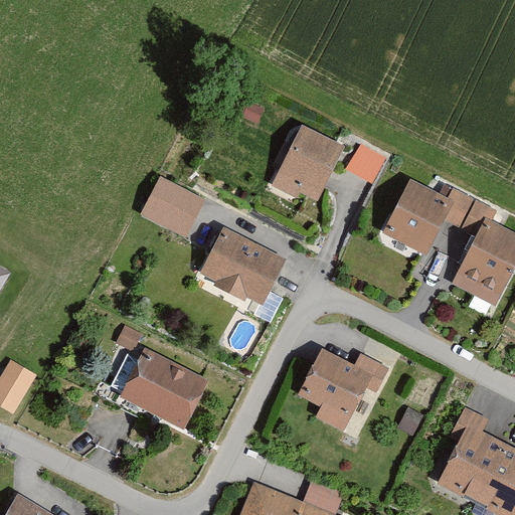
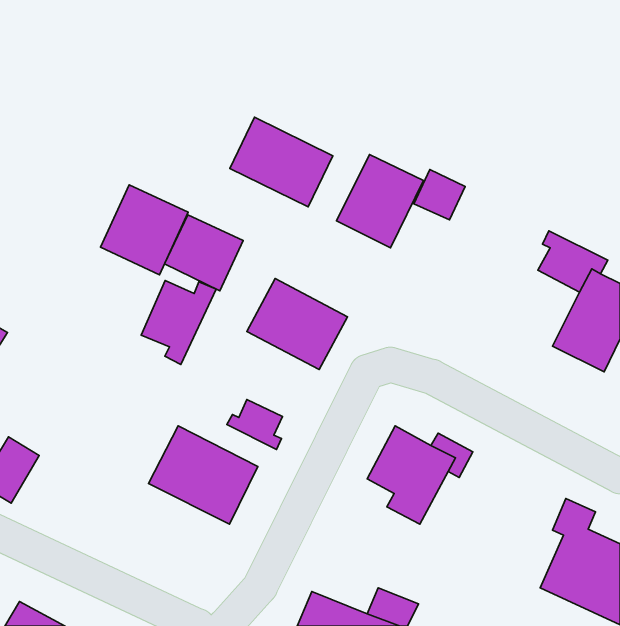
building: none -> [230,117,333,207]
building: none -> [100,185,188,275]
building: [384,182,451,253] -> none
building: none -> [141,281,216,364]
building: none -> [227,399,283,449]

